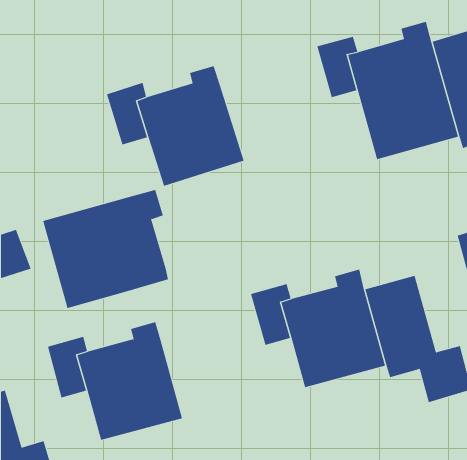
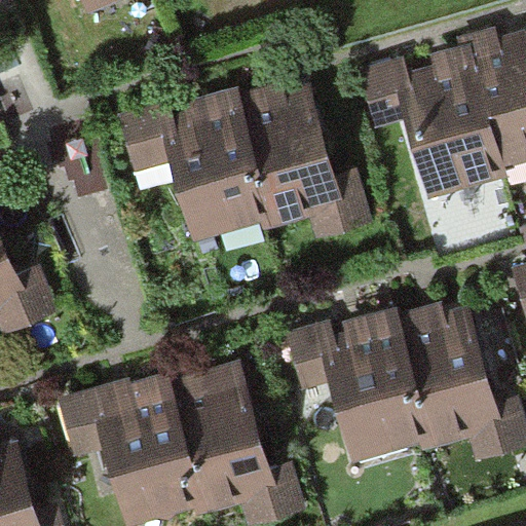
building: none -> [251,90,375,232]
building: [43,189,169,309] -> none
building: none -> [185,377,305,520]

